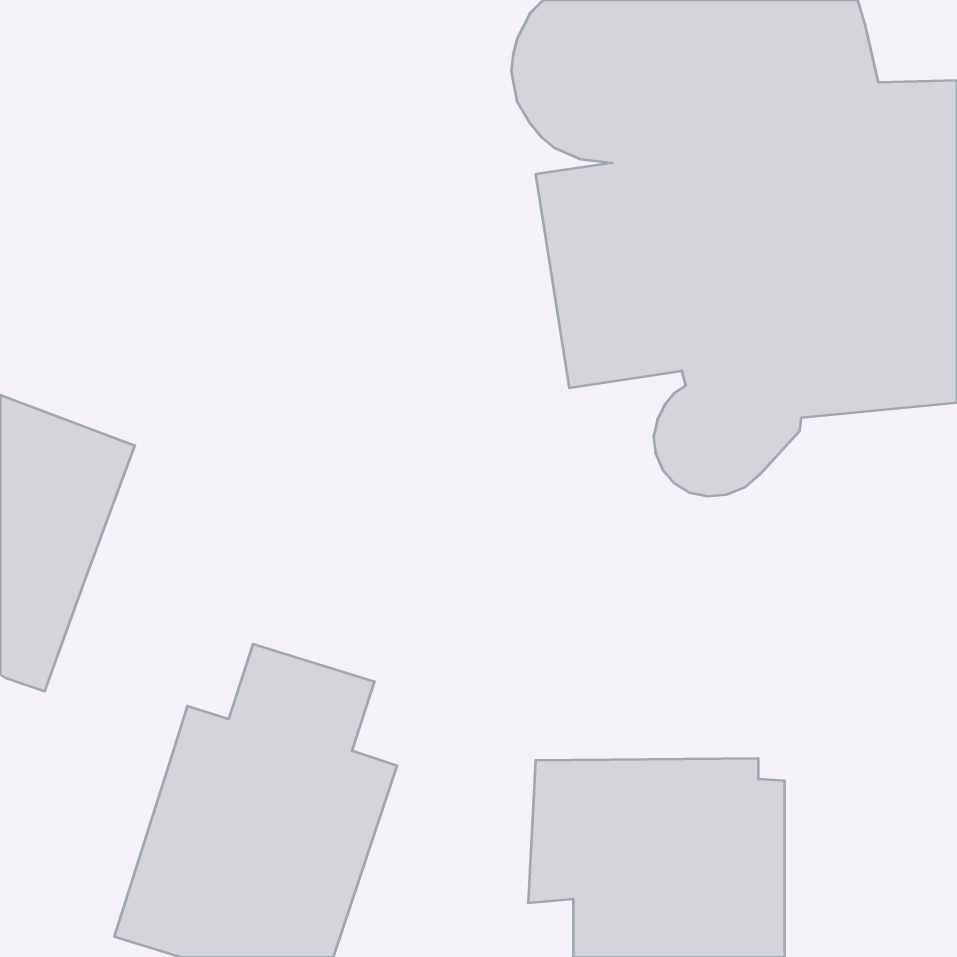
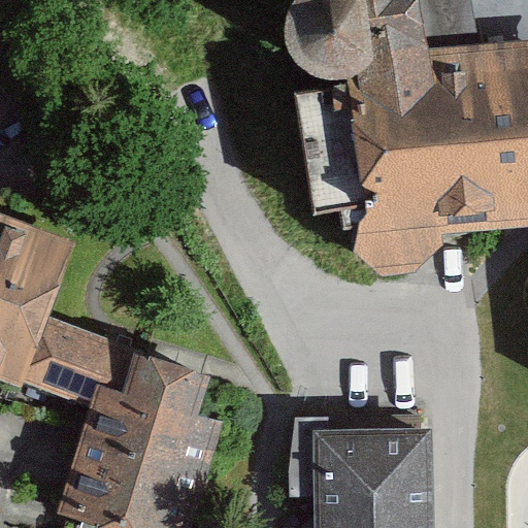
building: none -> [25,321,139,408]

